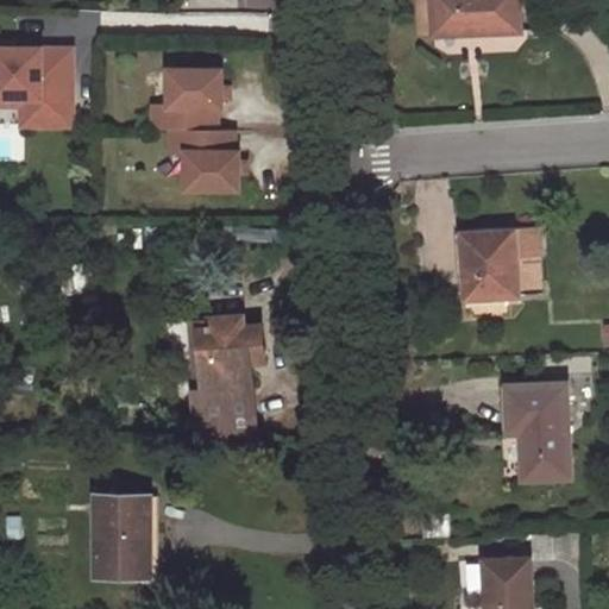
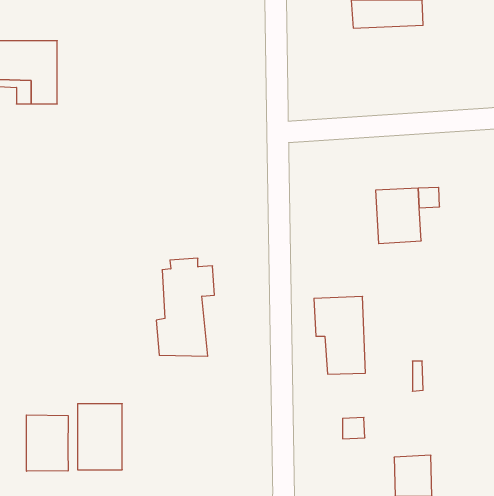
building: [153,70,239,192] -> none
building: [506,384,569,479] -> [314,296,365,374]
building: none -> [27,415,68,471]

